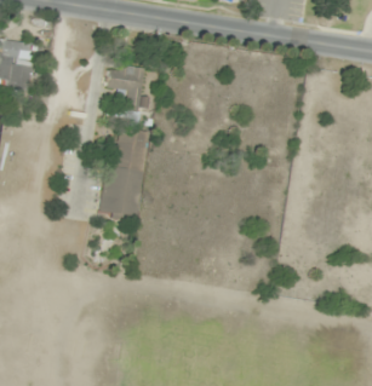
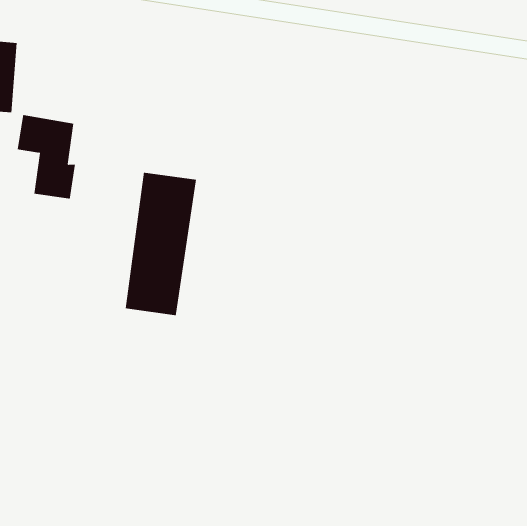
building: [107,64,145,120] -> [17,114,76,199]

